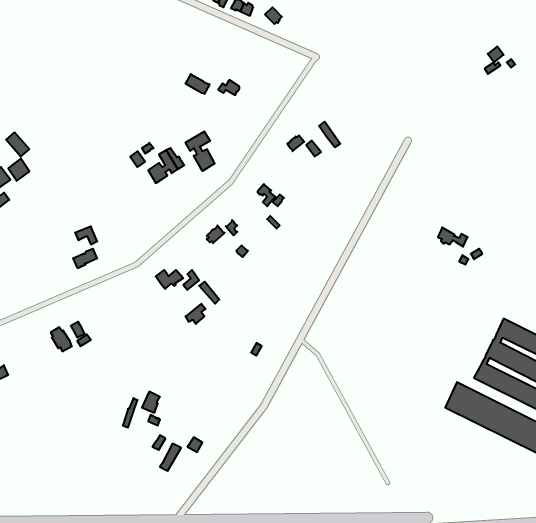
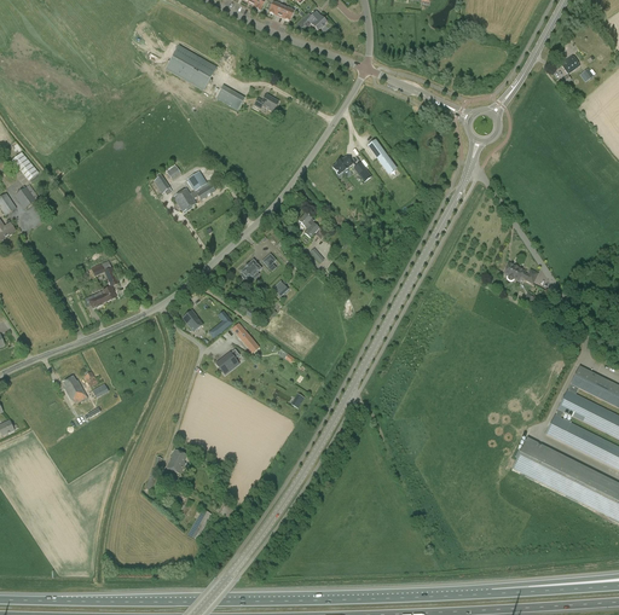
building: none -> [164,45,215,89]
building: [186,131,215,171] -> none

